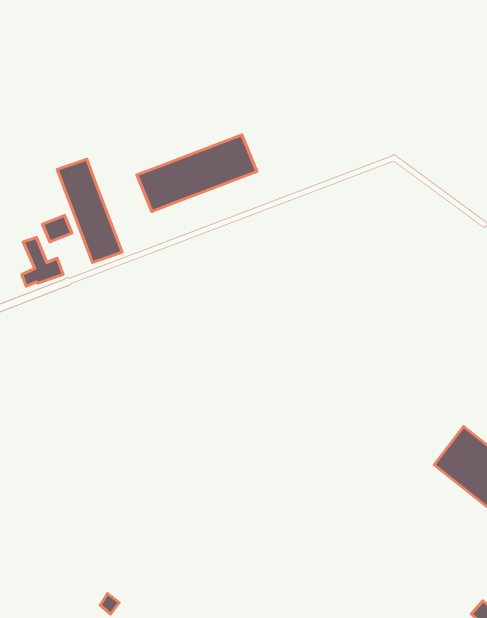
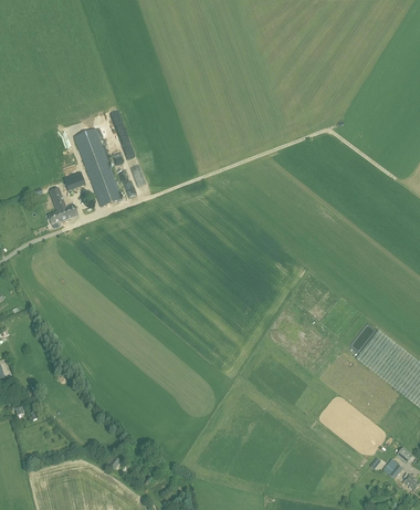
building: [137,135,257,212] -> none

